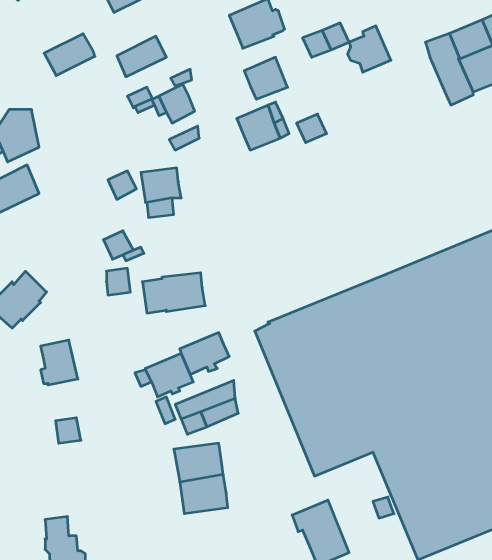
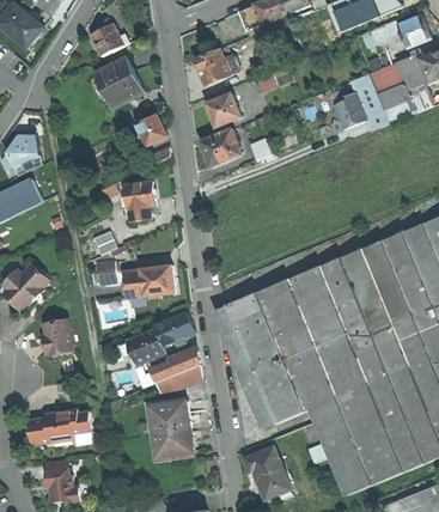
building: [348,26,391,72] -> [331,92,366,129]
building: [44,34,95,76] -> [94,57,135,91]
building: none -> [28,409,91,444]

